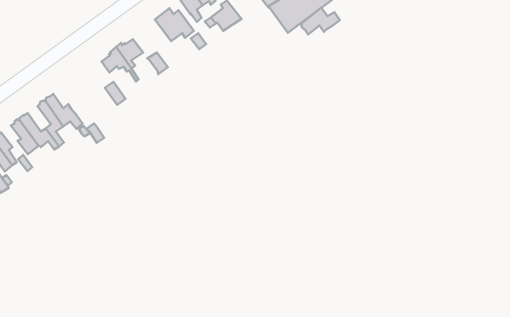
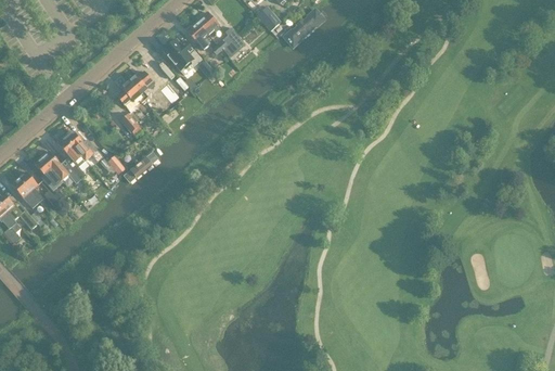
building: [301,8,340,34] -> none

